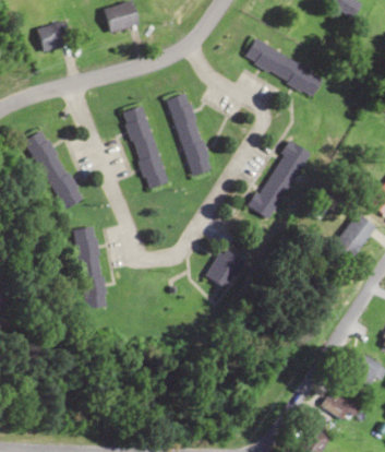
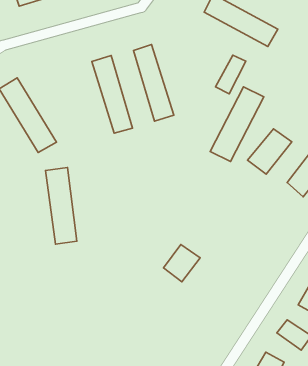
building: none -> [215,55,246,94]
building: none -> [248,129,292,174]
building: [205,248,244,288] -> [164,245,200,282]

